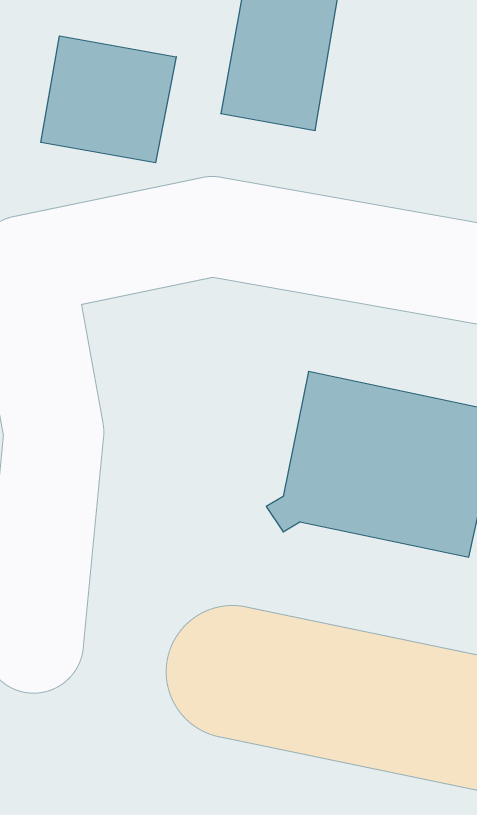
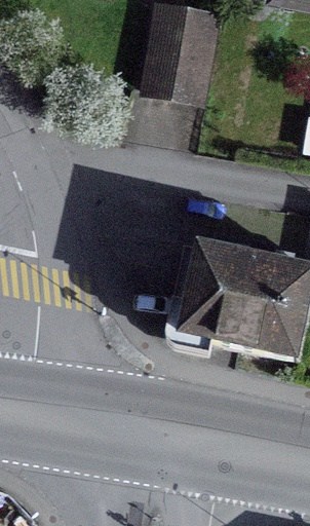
building: [41,36,176,163] -> none

